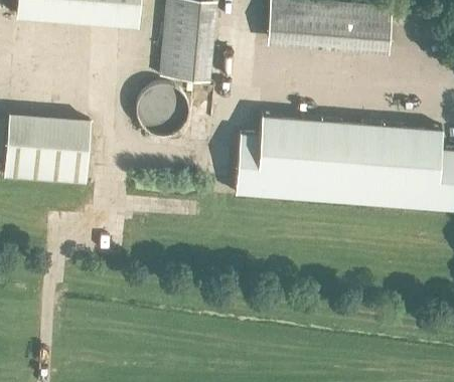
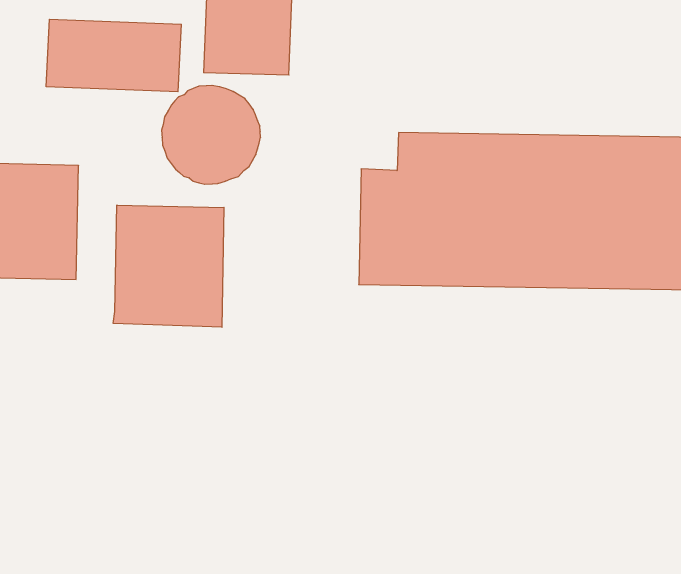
building: none -> [46,19,181,92]
building: none -> [113,205,224,327]

